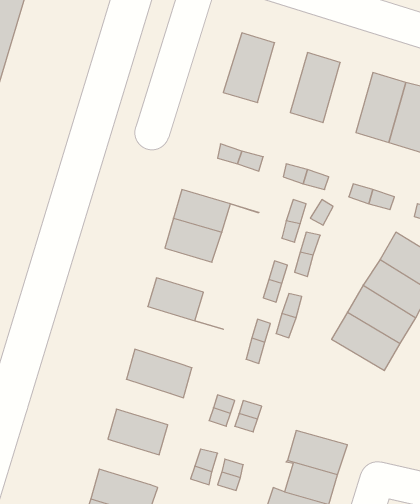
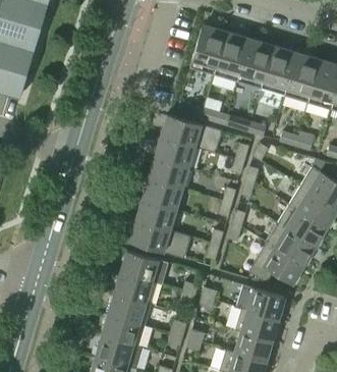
building: none -> [214,32,249,82]
building: none -> [261,46,296,96]
building: none -> [160,114,221,153]
building: none -> [142,178,181,210]
building: none -> [128,220,189,259]
building: none -> [248,244,304,285]
building: none -> [113,272,152,305]
building: none -> [235,285,284,319]
building: none -> [101,315,144,348]

